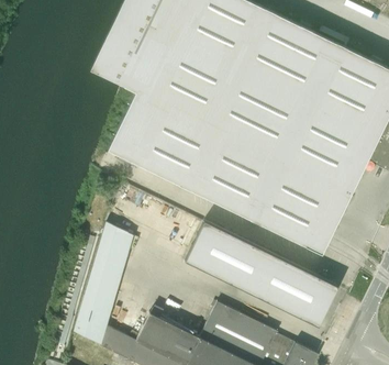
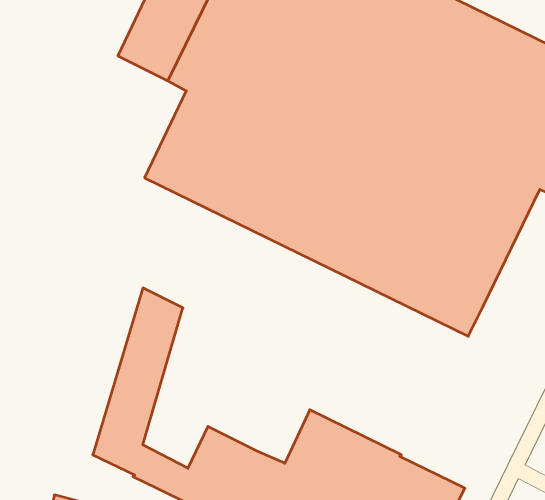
building: [185,221,338,327] -> none

